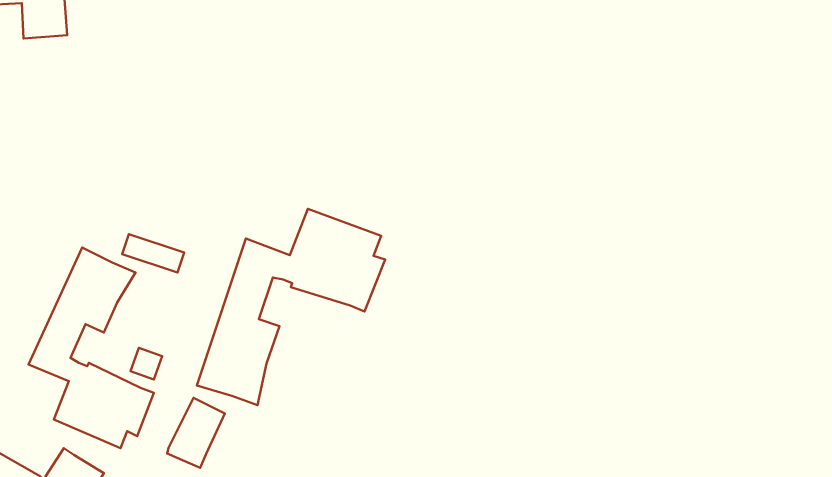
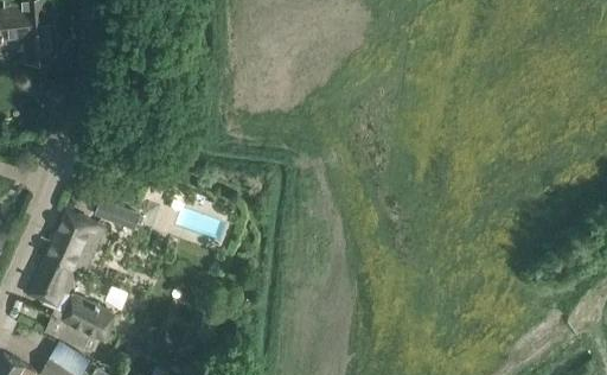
building: [197,209,385,405] -> none
building: [167,398,225,468] -> none

